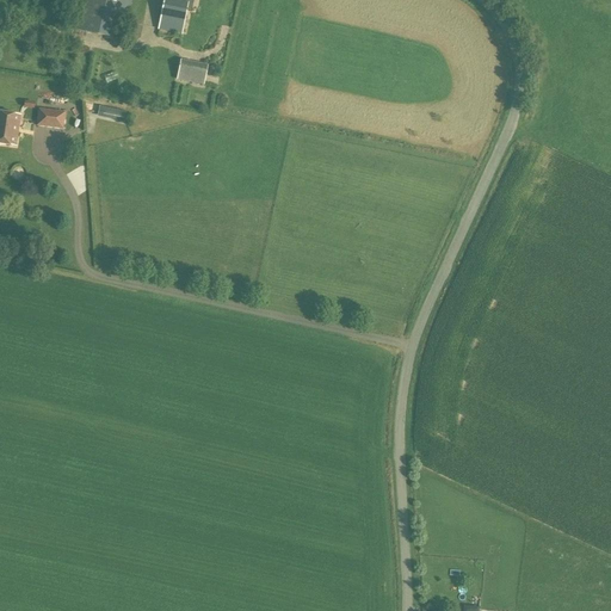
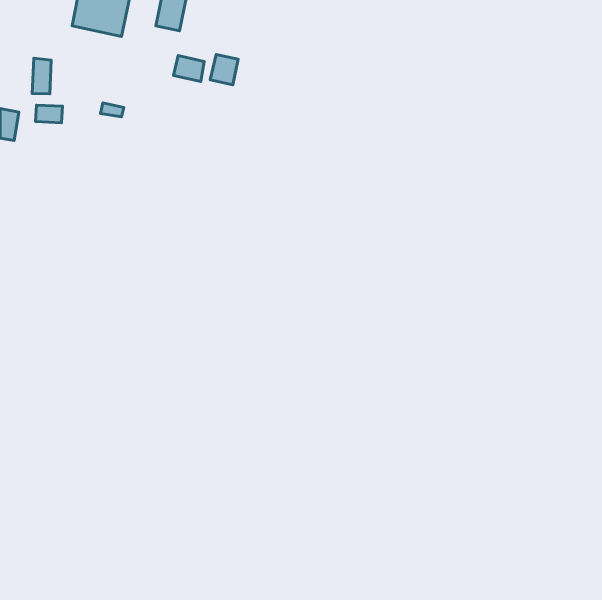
building: none -> [210,55,238,85]
building: none -> [32,58,51,94]

